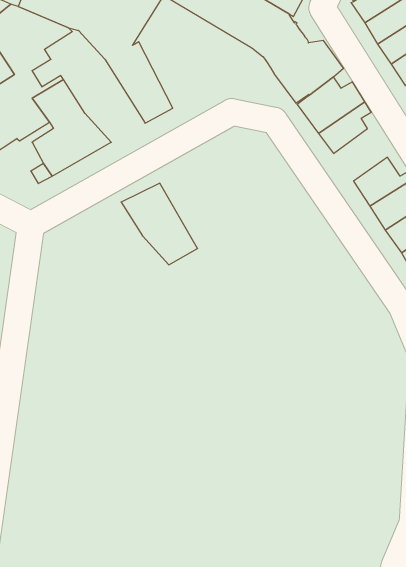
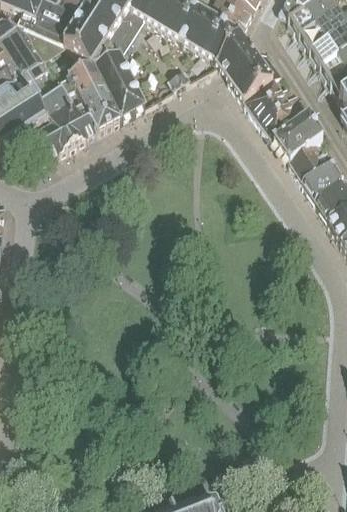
building: none -> [273,112,322,159]
building: [121,183,198,265] -> [58,63,119,128]

